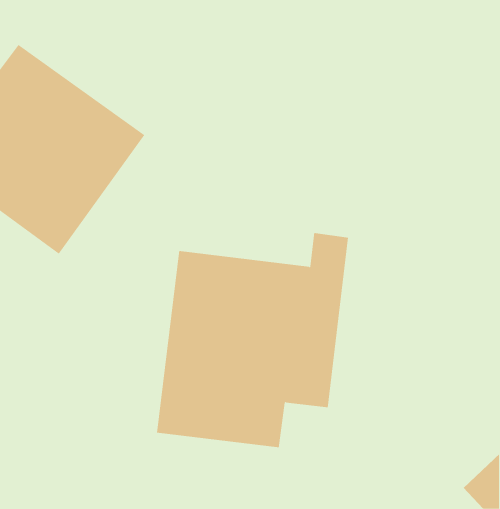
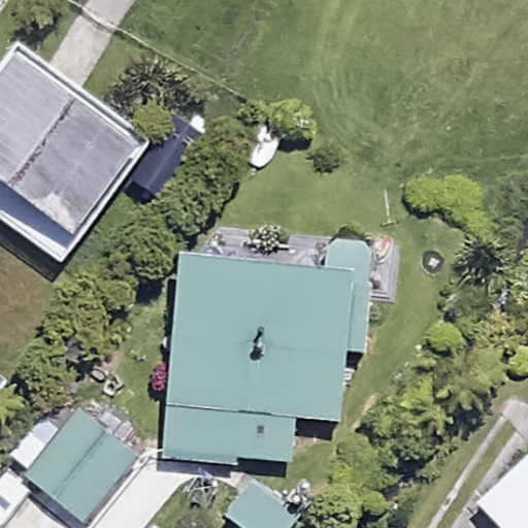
building: none -> [27,410,133,519]

